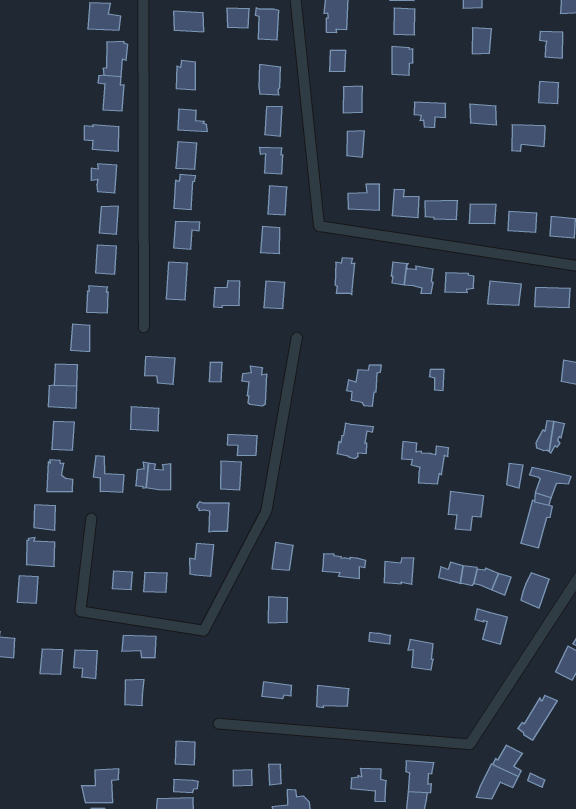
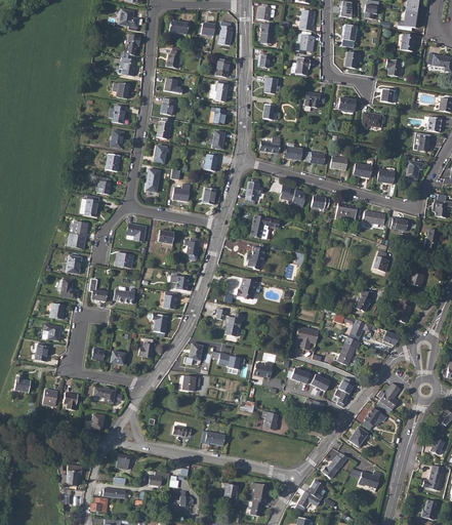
building: none -> [251,214,279,239]
building: [402,442,449,484] -> [217,308,246,335]

